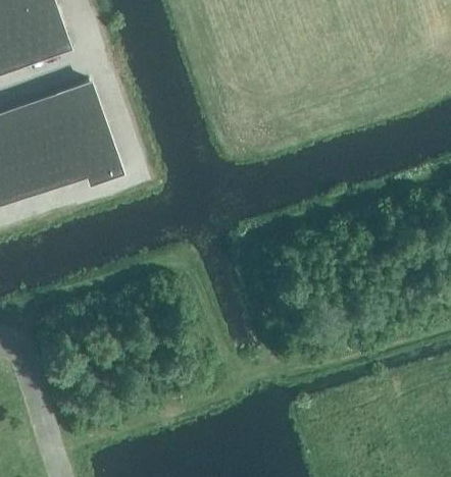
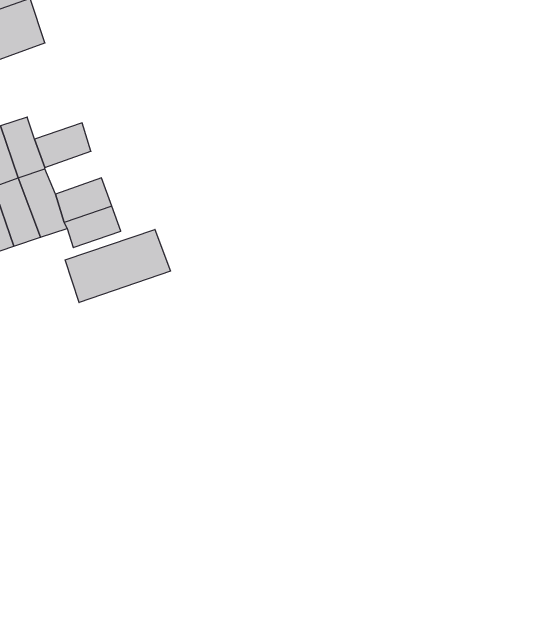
building: [57,83,96,113] -> none
building: [70,121,109,151] -> none
building: none -> [65,229,170,303]

